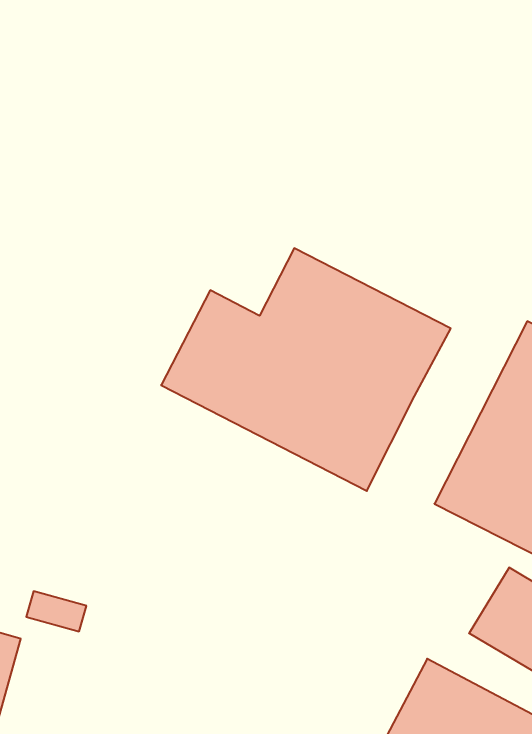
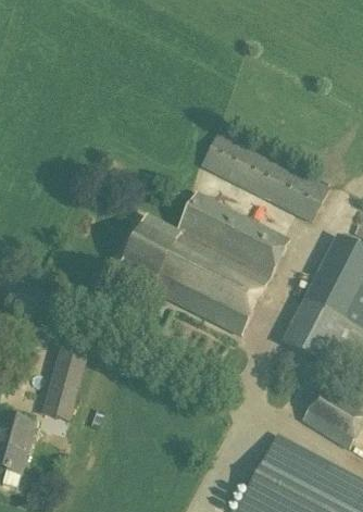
building: none -> [200,130,329,223]
building: none -> [59,357,86,394]

